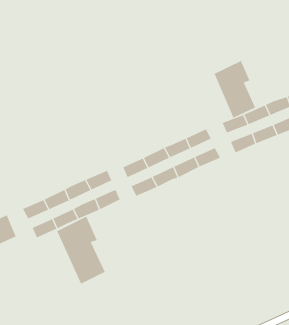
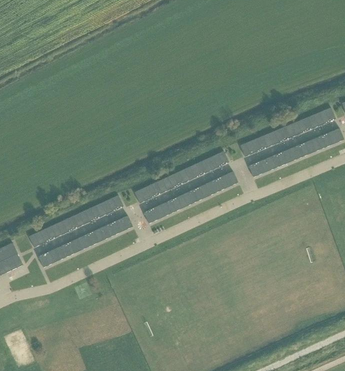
building: [214,60,256,118] -> none
building: [56,216,106,285] -> none

